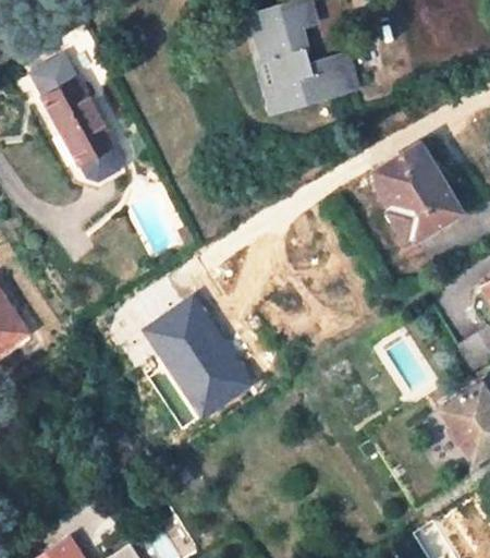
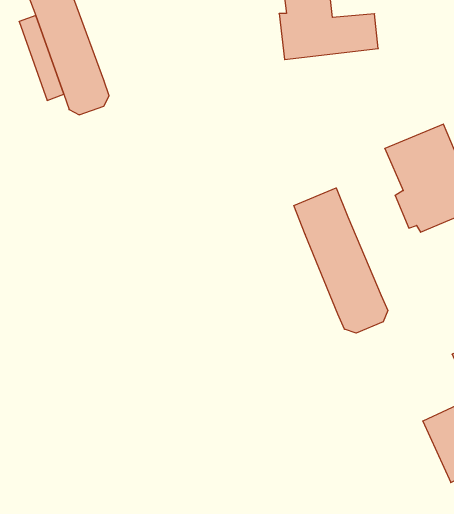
building: none -> [294,188,388,333]
building: [147,295,253,413] -> none

